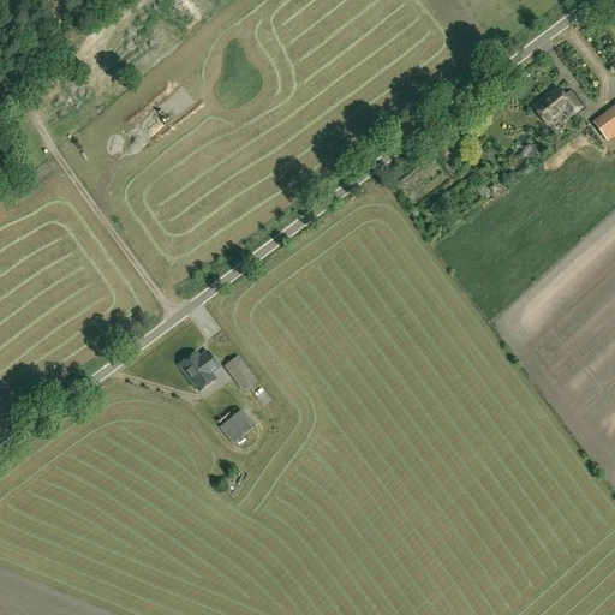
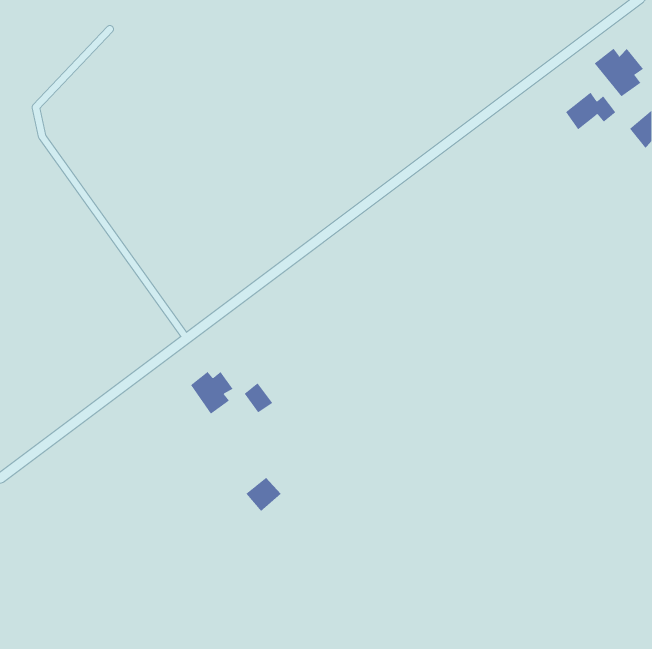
building: none -> [594,48,644,97]
building: [220,410,253,442] -> [246,477,281,512]

